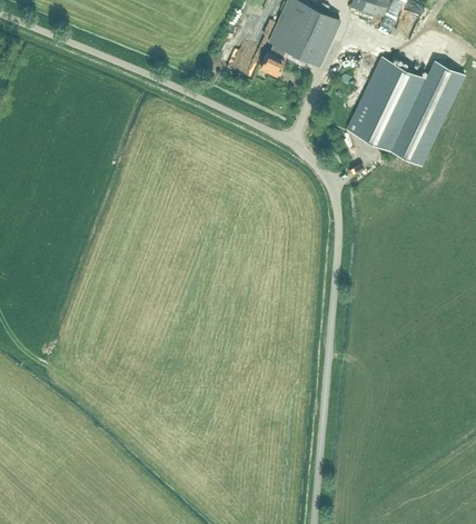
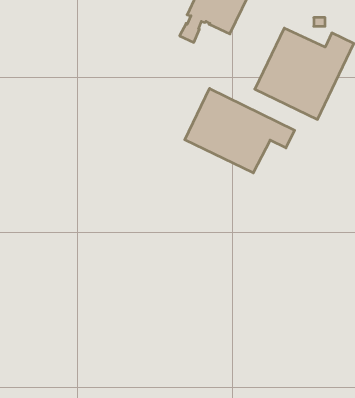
building: none -> [185,88,295,173]

